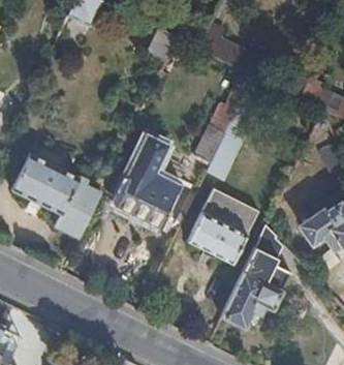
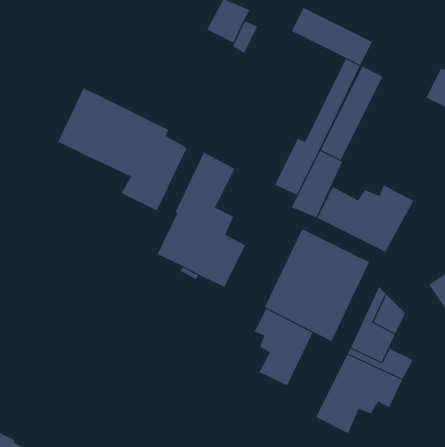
building: [10,153,99,238] -> [58,88,187,211]
building: none -> [317,184,414,252]
building: none -> [254,308,313,386]

